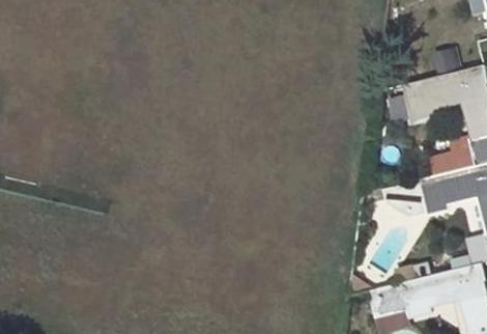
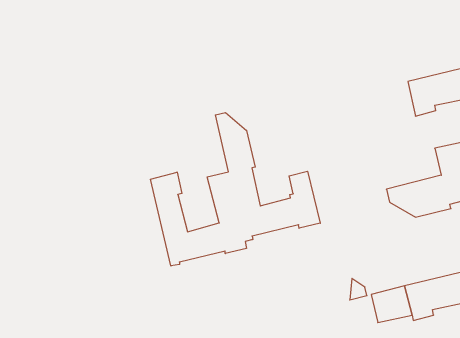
building: none -> [150,113,320,266]

